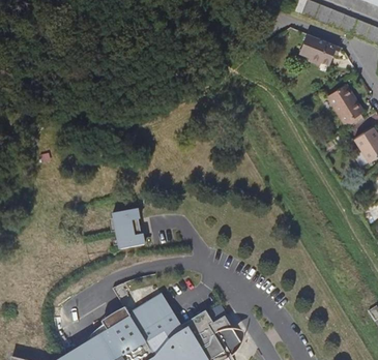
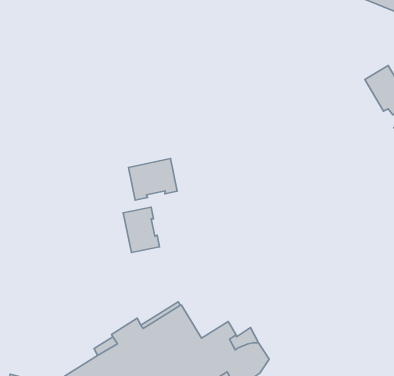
building: [299,34,341,66] -> none
building: none -> [128,158,177,200]

